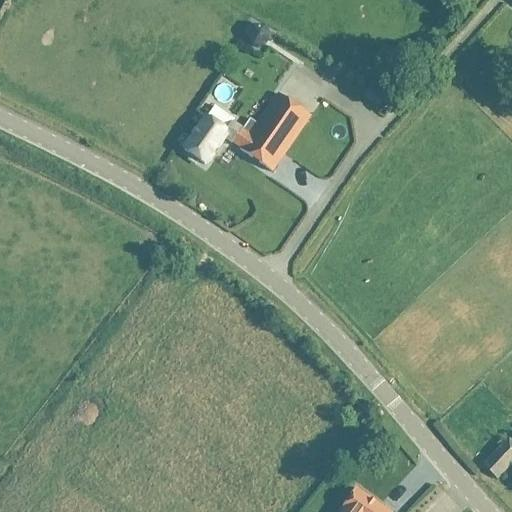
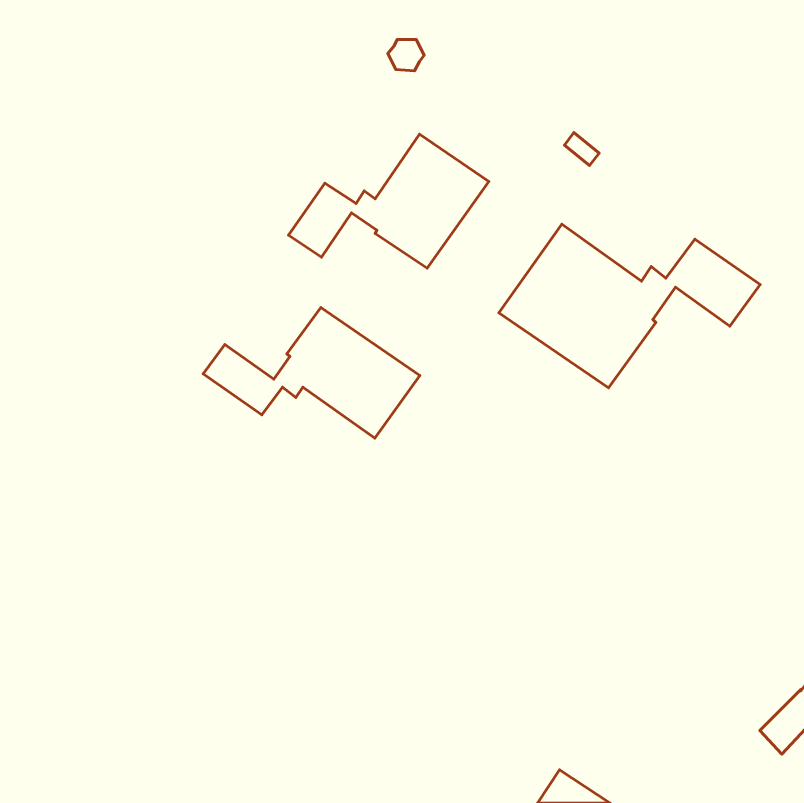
building: none -> [499,224,760,388]
building: none -> [203,307,420,438]

